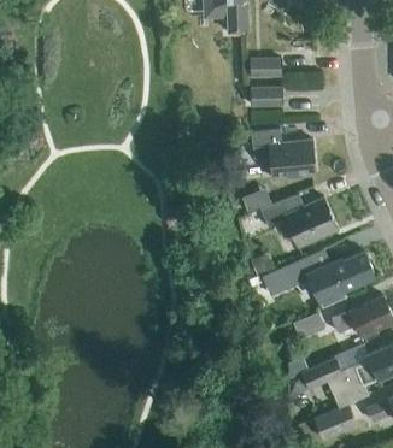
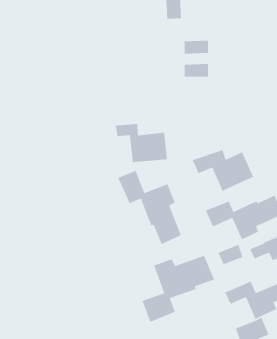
building: [250,130,316,179] -> [115,123,168,163]
building: none -> [117,170,182,245]
building: none -> [142,255,215,323]

